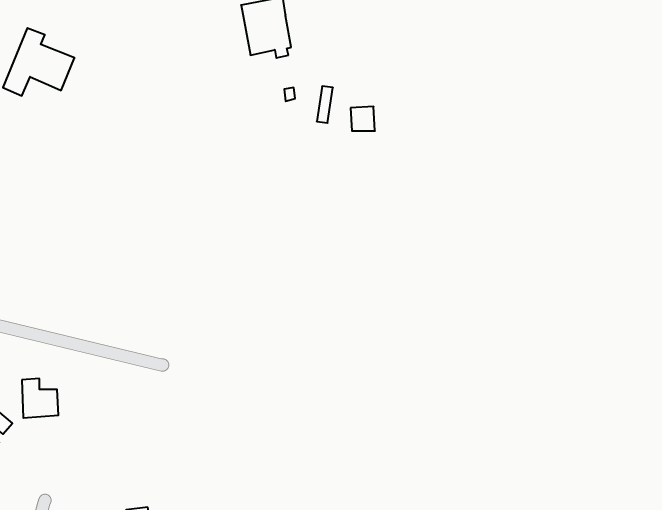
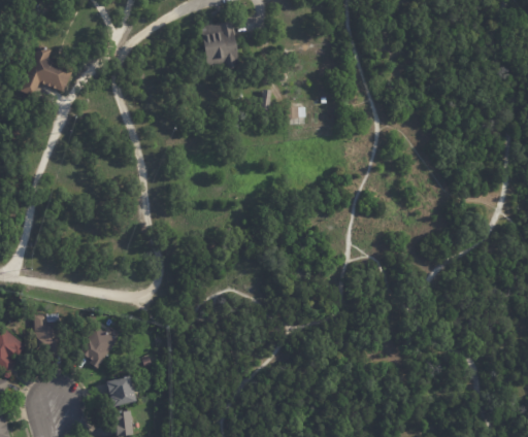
building: none -> [77,328,116,370]
building: none -> [105,376,136,408]

